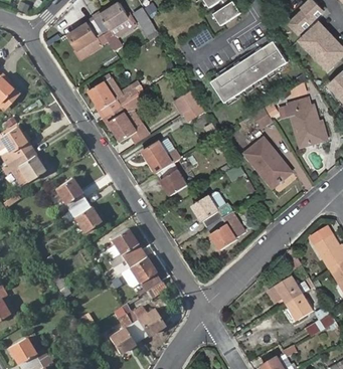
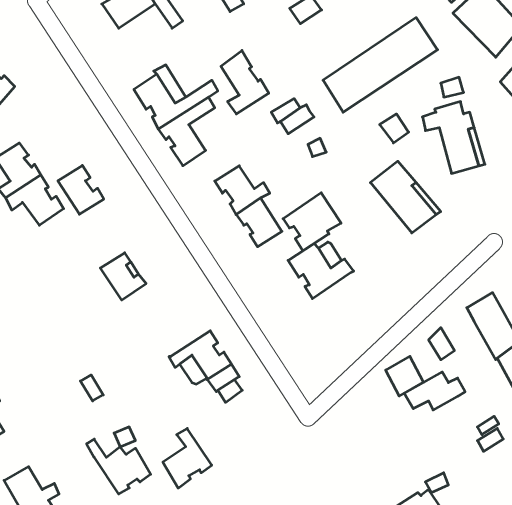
building: none -> [221,50,269,114]
building: [54,176,84,208] -> [58,165,104,214]
building: [208,211,246,249] -> [283,193,341,251]
building: [110,228,141,266] -> none
building: [288,293,313,319] -> [386,356,424,396]
building: [121,302,163,338] -> [87,439,151,494]

